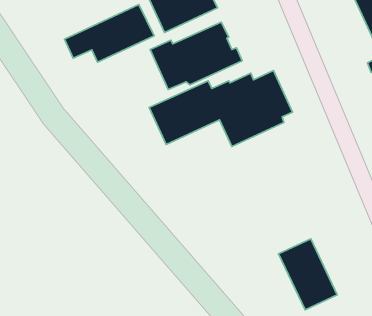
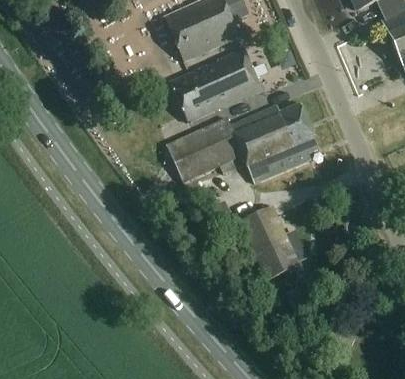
building: [64,4,154,62] -> none
building: [278,239,337,310] -> [240,203,302,278]

